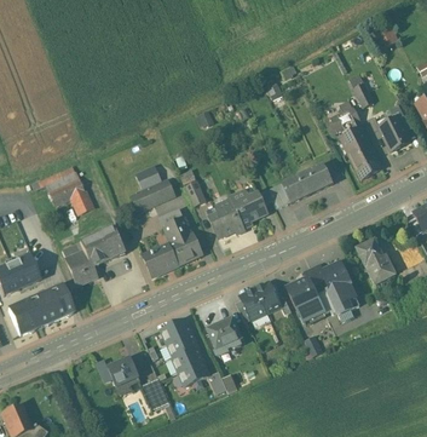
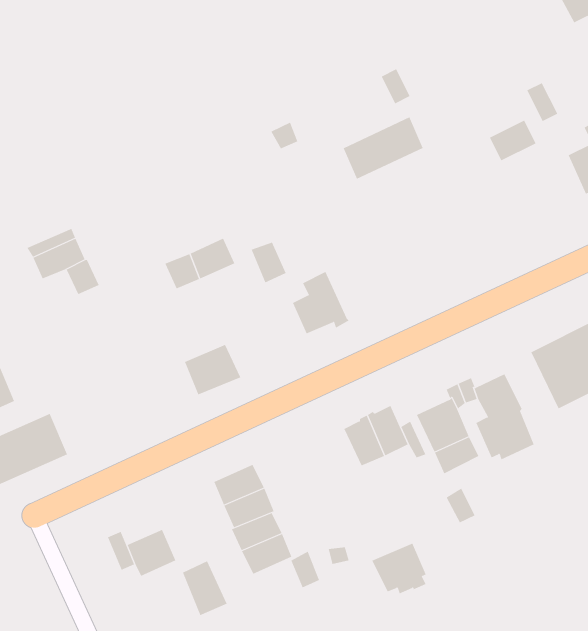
building: [340,130,380,178] -> none
building: [282,163,331,202] -> [343,117,423,180]
building: [230,189,266,228] -> none
building: [160,209,201,264] -> none
building: [65,225,125,284] -> none
building: [207,318,241,350] -> [371,543,427,594]

